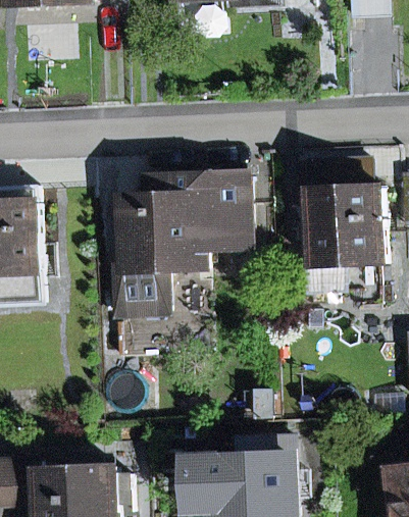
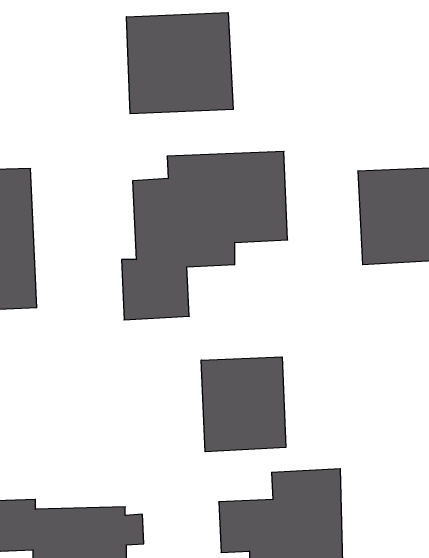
building: none -> [126,13,233,114]
building: none -> [201,357,286,452]

